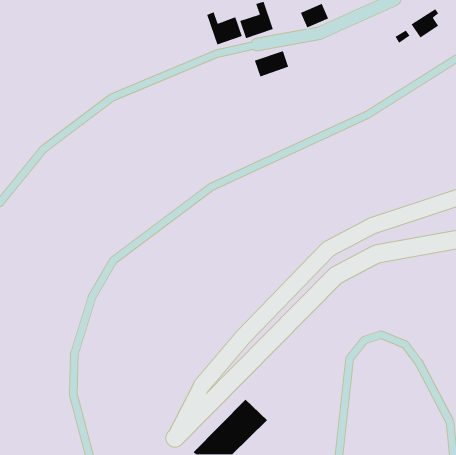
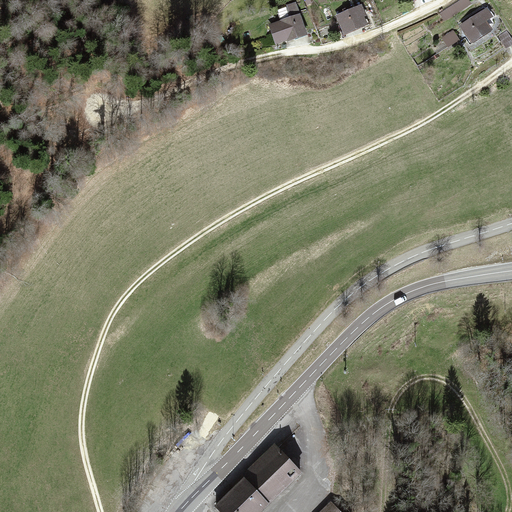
building: [206,11,243,46] -> none
building: [254,50,289,77] -> none

